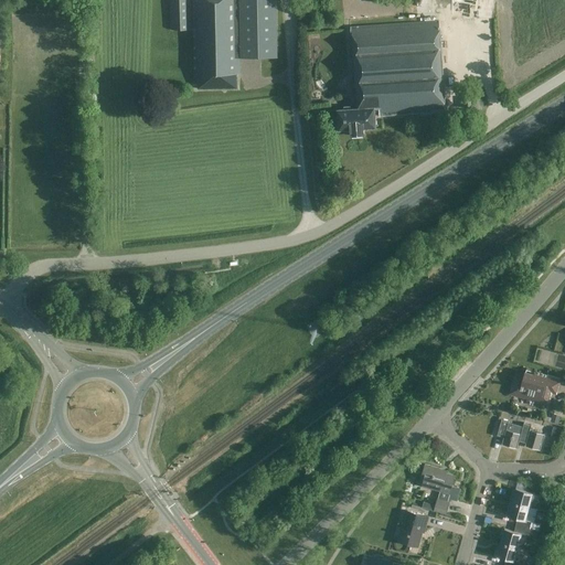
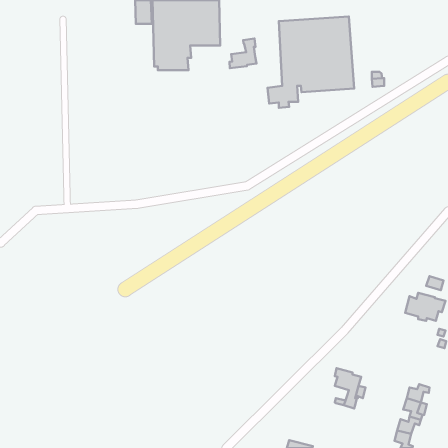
building: none -> [229,39,256,68]
building: [497,419,545,449] -> none
building: [398,510,428,546] -> none

